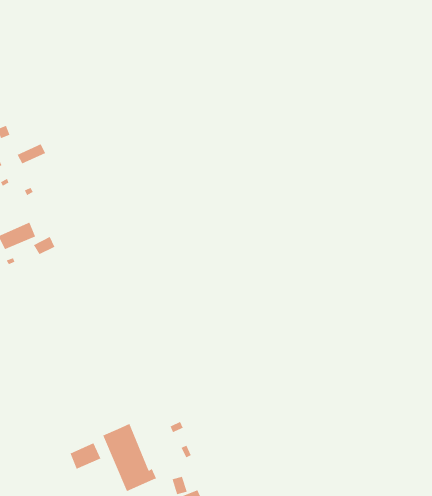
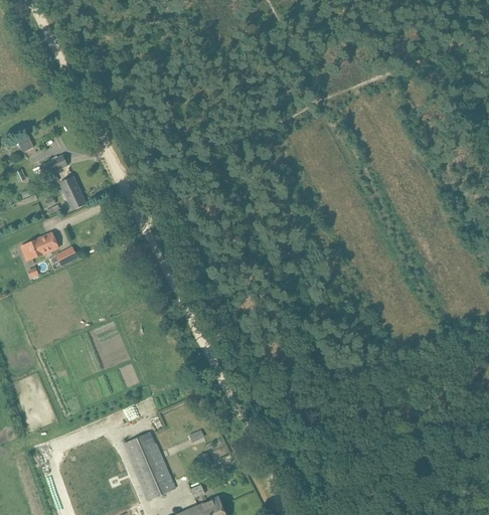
building: none -> [58,176,86,210]
building: [70,442,101,470] -> none

